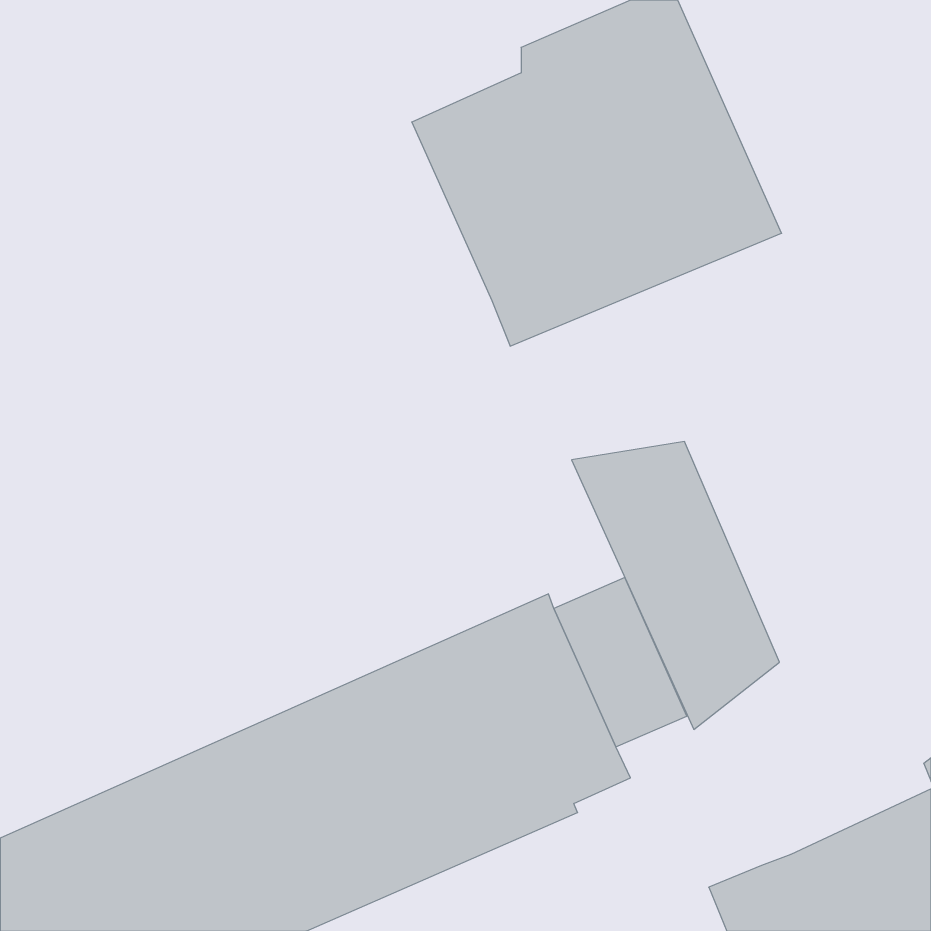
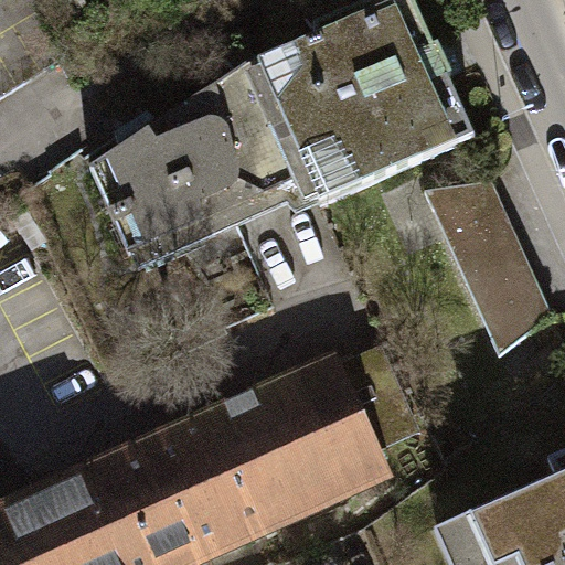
building: none -> [81,64,298,264]
building: [572,442,779,729] -> [424,182,550,356]

